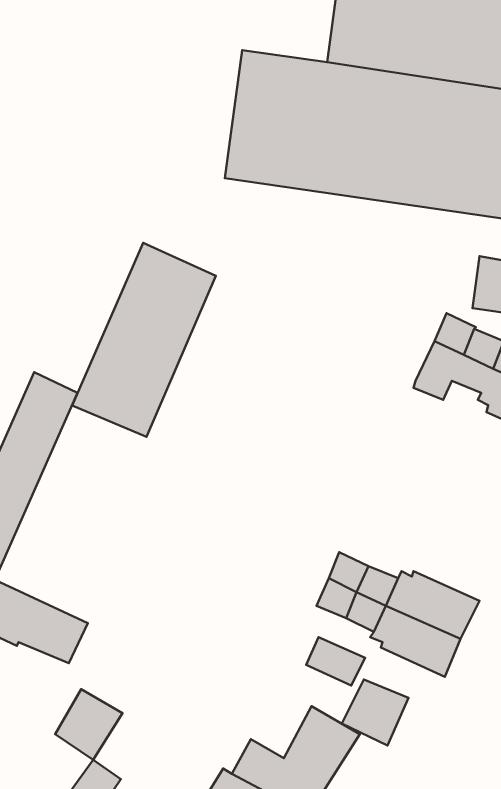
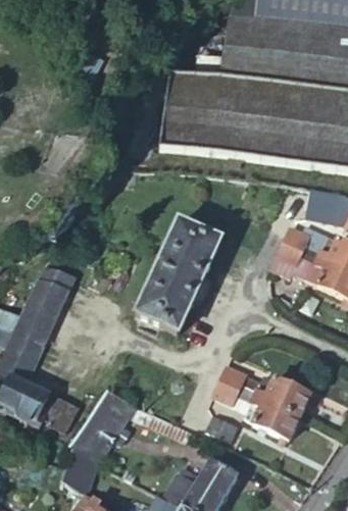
building: [72,243,216,437] -> [136,216,220,330]
building: none -> [74,390,139,458]
building: [342,680,409,746] -> none

